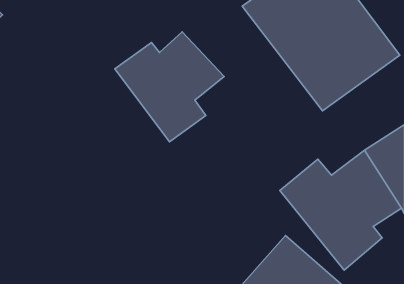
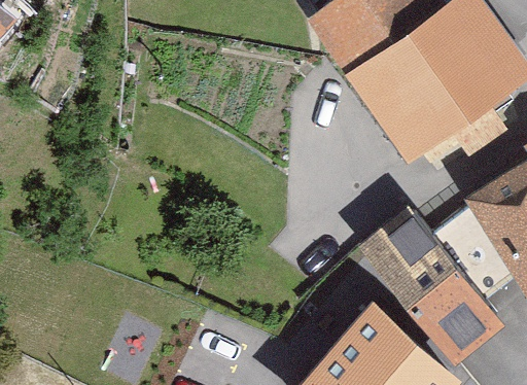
building: [115,32,224,142] -> none

